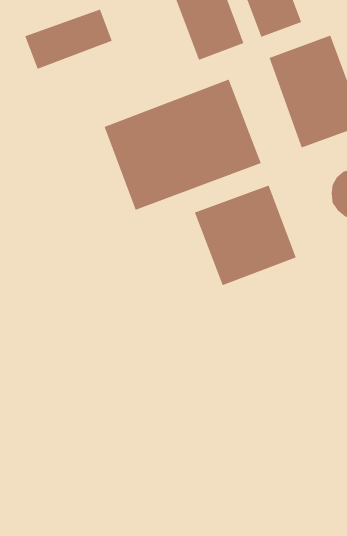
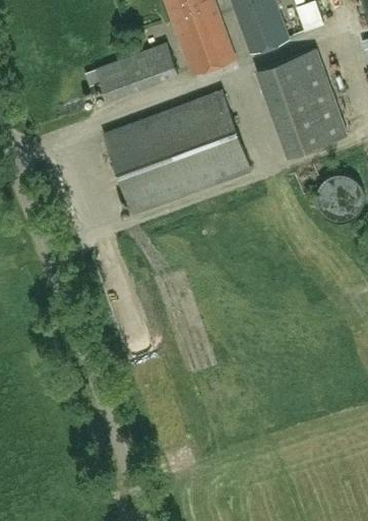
building: [24,8,113,70] -> [95,44,177,101]
building: [194,185,297,286] -> none

